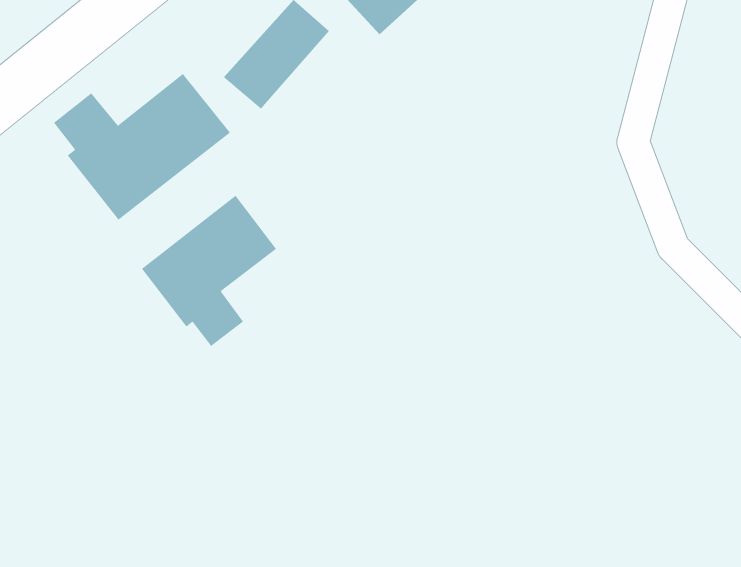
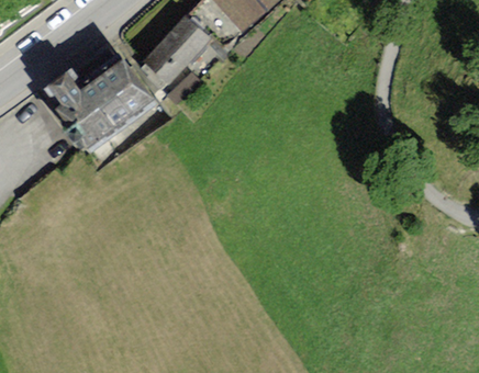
building: [141,195,277,347] -> none

